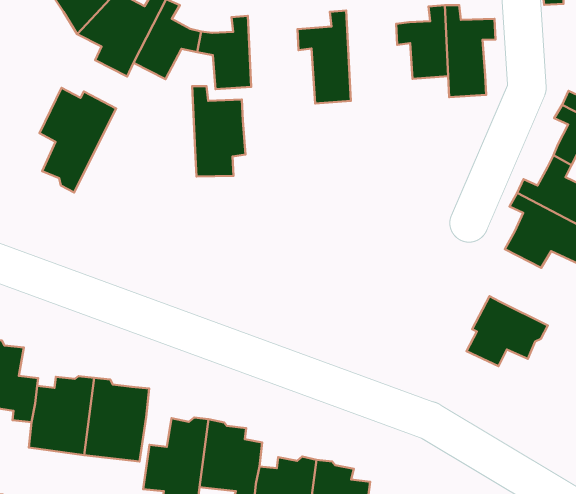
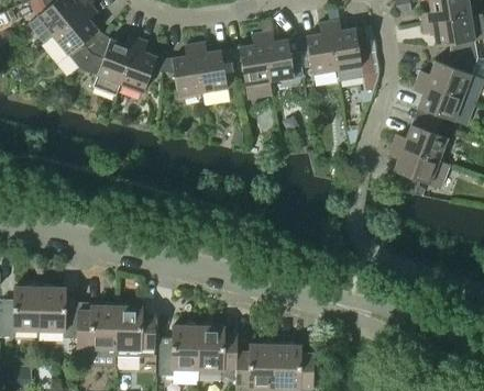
building: none -> [262,32,299,81]
building: [192,86,246,177] -> [195,43,237,105]
building: [39,88,116,192] -> none
building: [466,296,548,366] -> none

